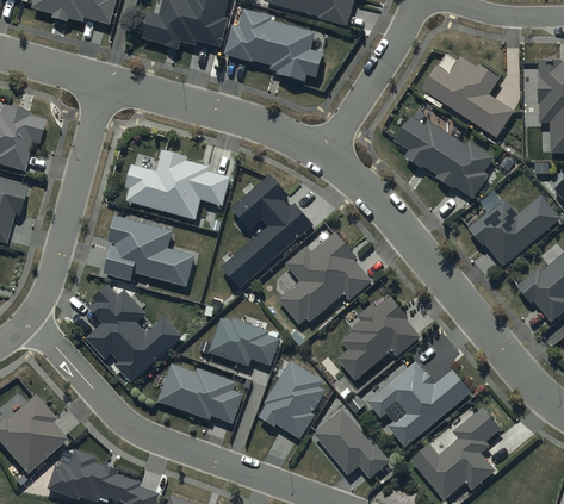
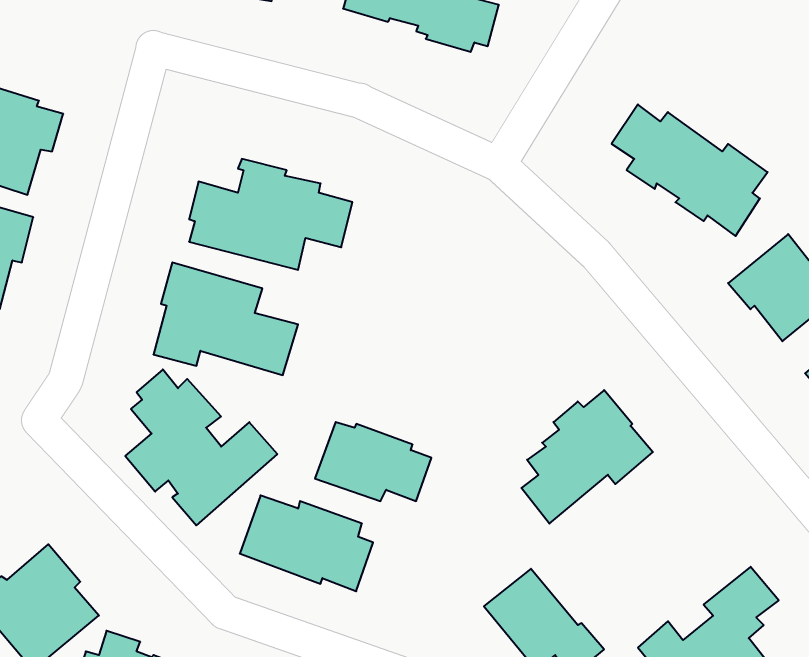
building: [421,55,514,137] -> none
building: [221,174,312,287] -> none
building: [278,231,372,323] -> none
building: [256,357,326,437] -> none
building: [383,361,470,446] -> none

